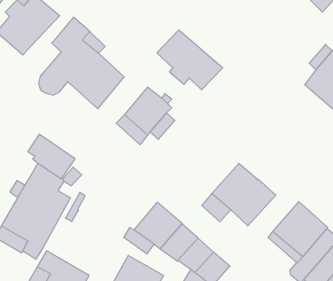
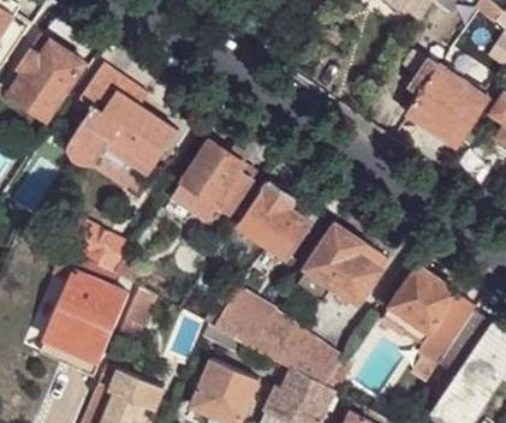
building: [157,30,223,90] -> none
building: none -> [242,181,312,258]

